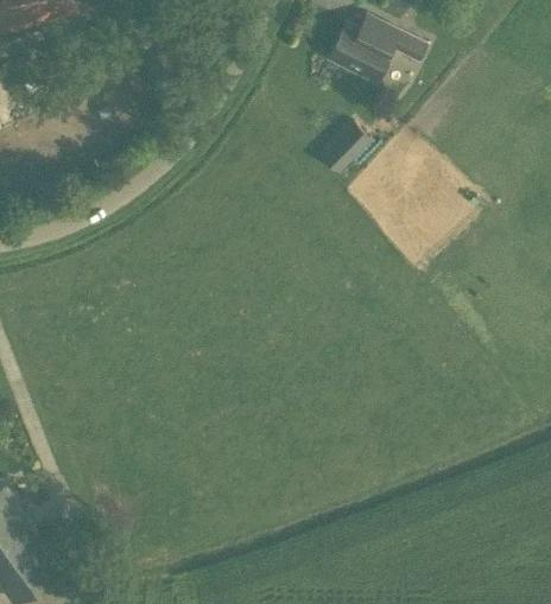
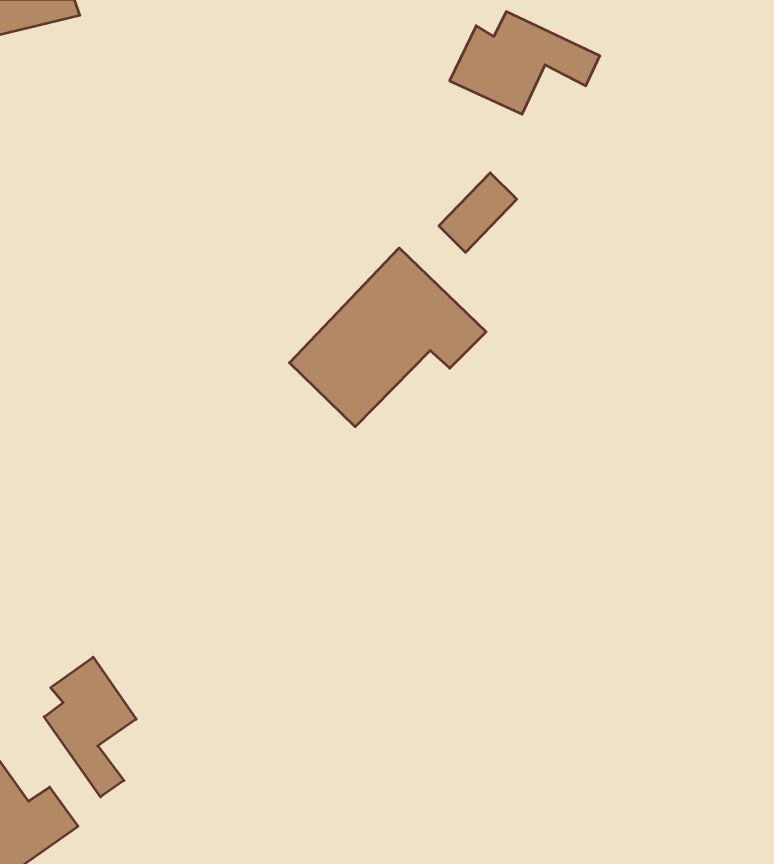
building: none -> [289,248,486,427]
building: none -> [44,657,136,797]

